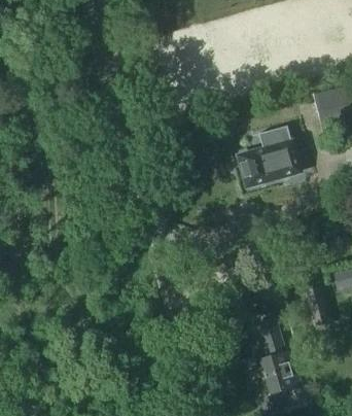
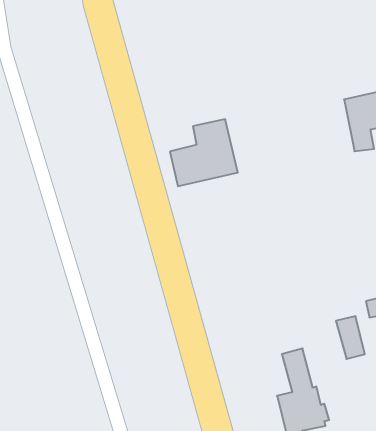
building: [238,127,298,186] -> [170,119,238,186]

